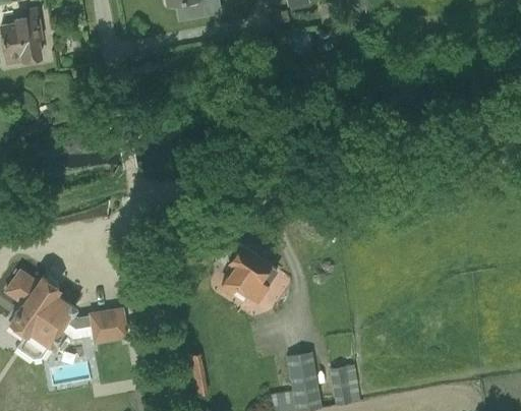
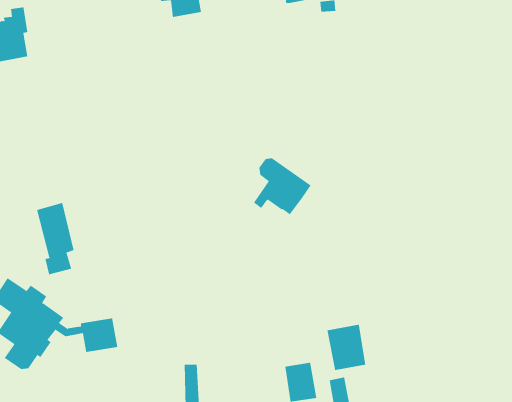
building: none -> [37,202,74,275]
building: [222,244,278,299] -> [253,158,311,215]
building: none -> [327,324,366,371]

